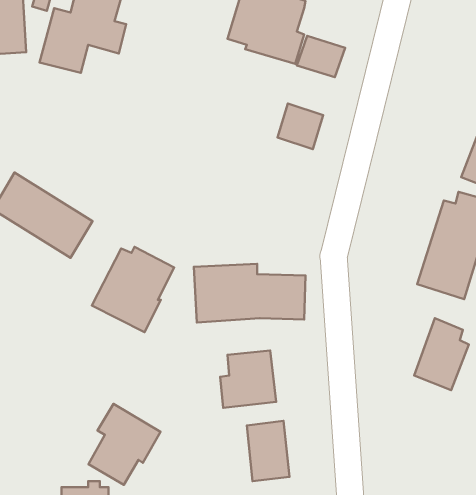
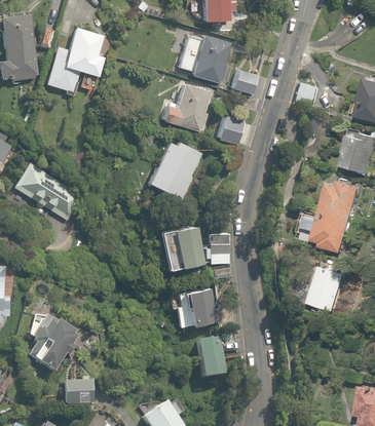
building: none -> [158,79,212,133]
building: [92,247,174,332] -> [144,139,201,198]
building: [89,404,161,485] -> [27,316,77,373]

